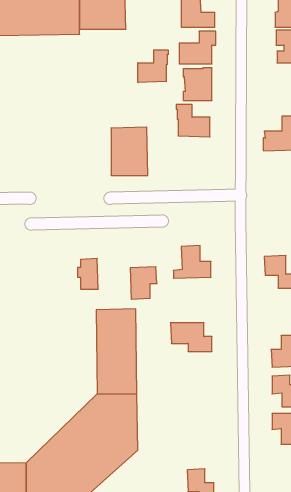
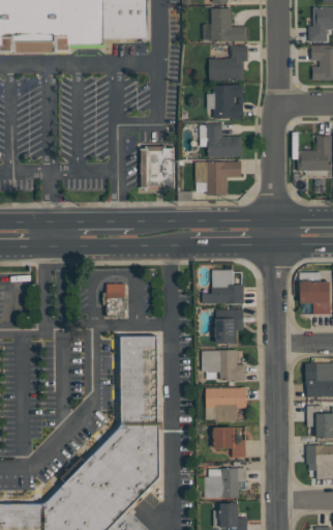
building: [138,50,168,83] -> none
building: none -> [194,159,241,194]
building: [130,267,157,299] -> [214,310,242,344]
building: none -> [204,388,245,420]
building: none -> [212,426,244,455]
building: none -> [202,468,245,497]

